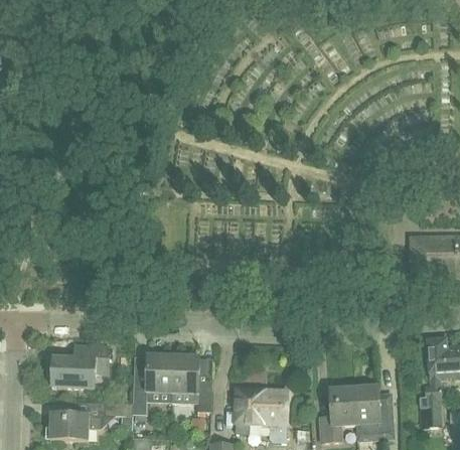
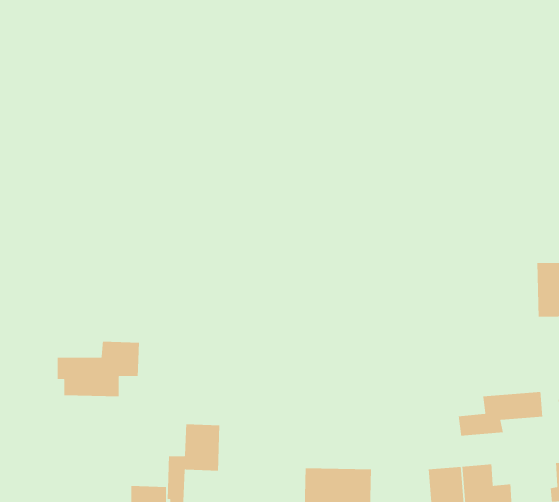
building: none -> [457,391,543,436]
building: [47,345,110,388] -> [57,341,140,397]
building: [172,356,211,410] -> none

